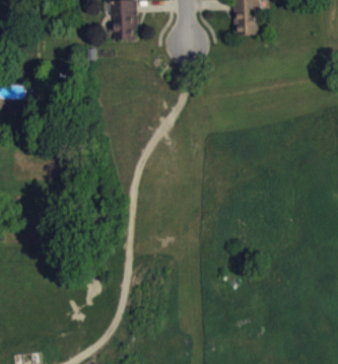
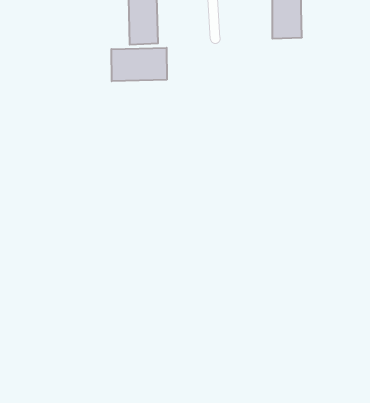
building: none -> [111,48,167,81]

